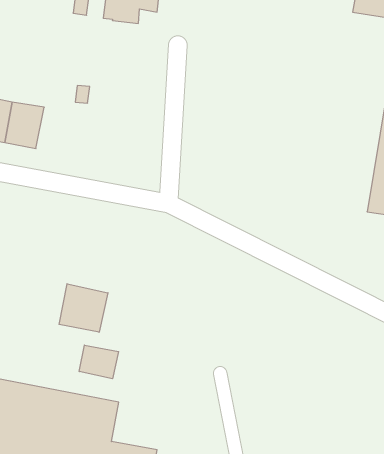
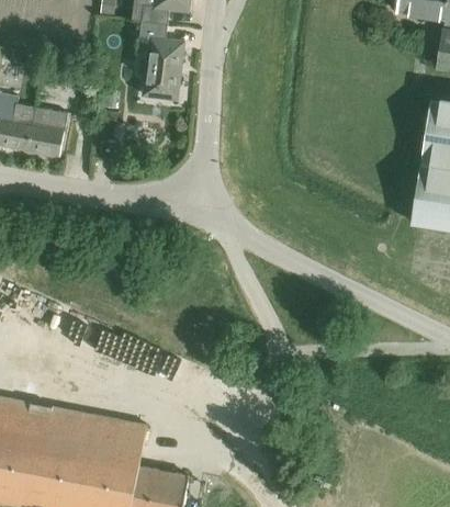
building: none -> [138,22,184,101]
building: [59,284,108,332] -> none
building: [79,345,119,379] -> none

